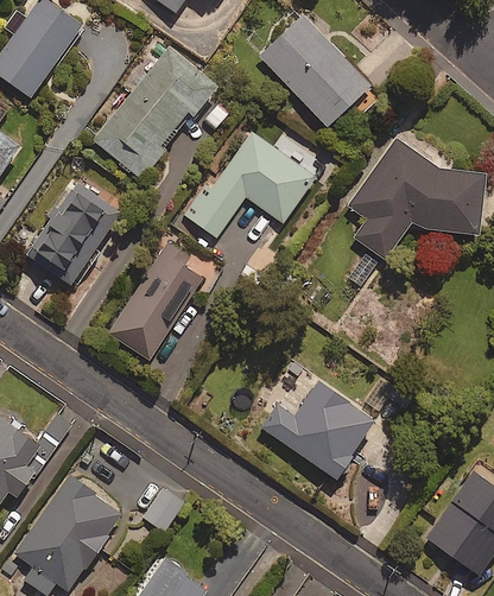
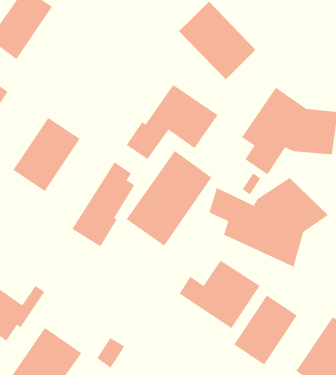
building: [94,47,215,178] -> none
building: none -> [126,150,212,246]
building: none -> [209,177,329,267]
building: none -> [233,295,298,365]

